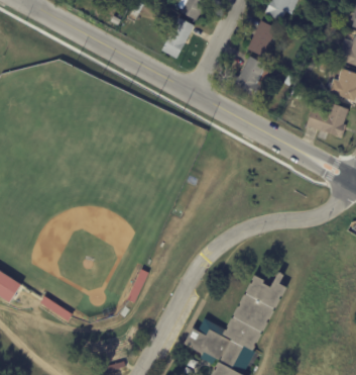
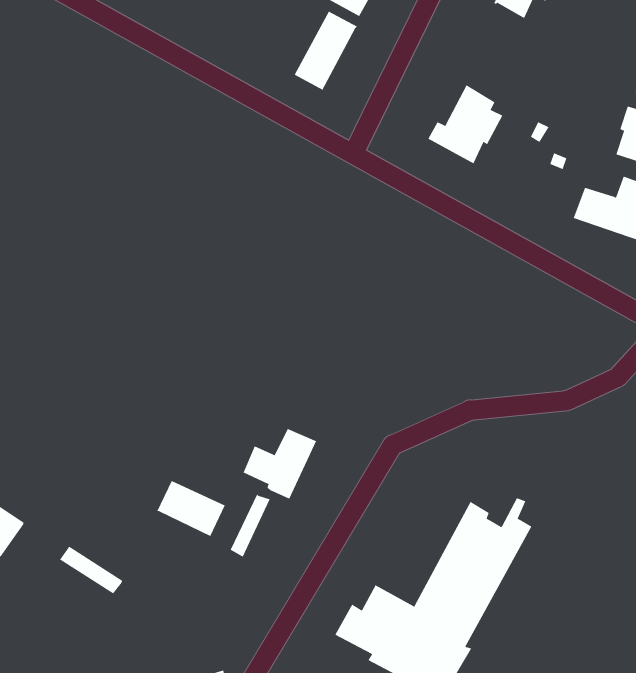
building: [248,20,280,56] -> none
building: none -> [243,428,317,499]
building: none -> [157,480,225,537]

